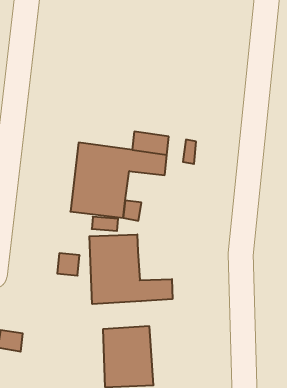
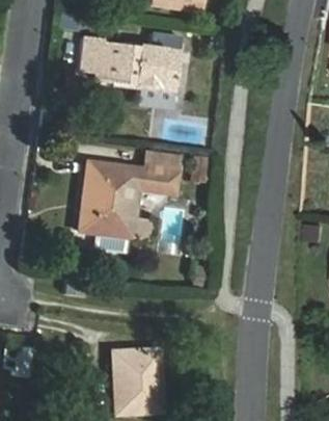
building: none -> [78,35,179,108]
building: [89,234,172,304] -> none

